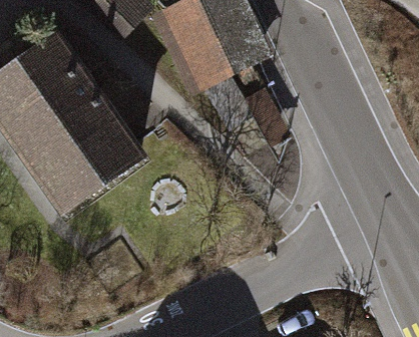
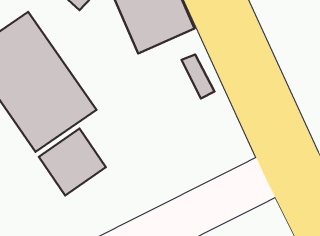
building: none -> [39,129,106,195]

